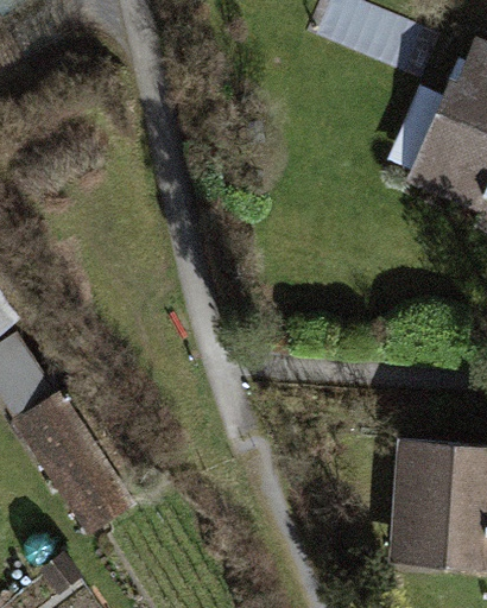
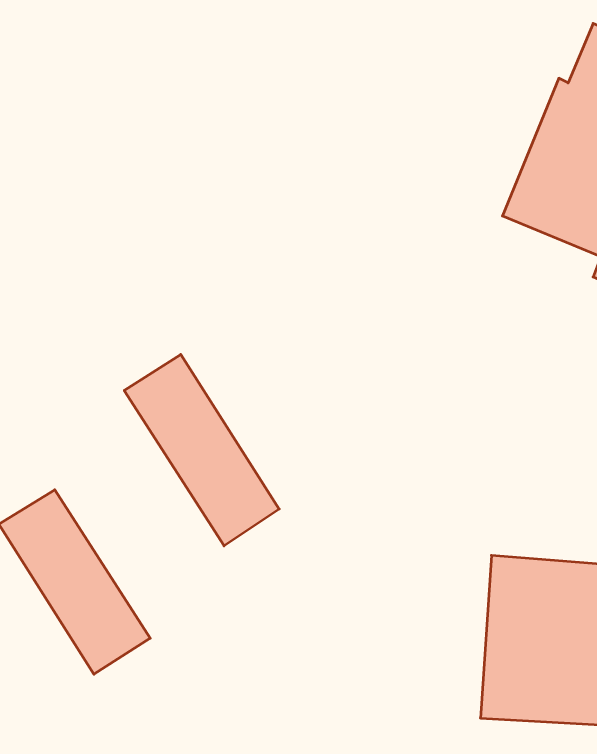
building: none -> [124,354,279,546]

